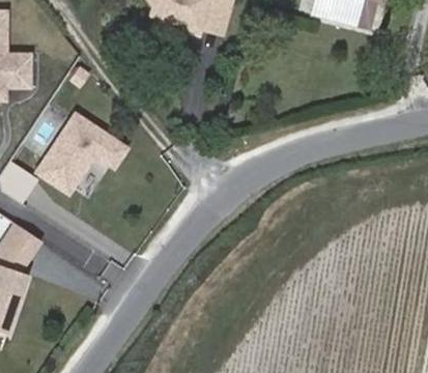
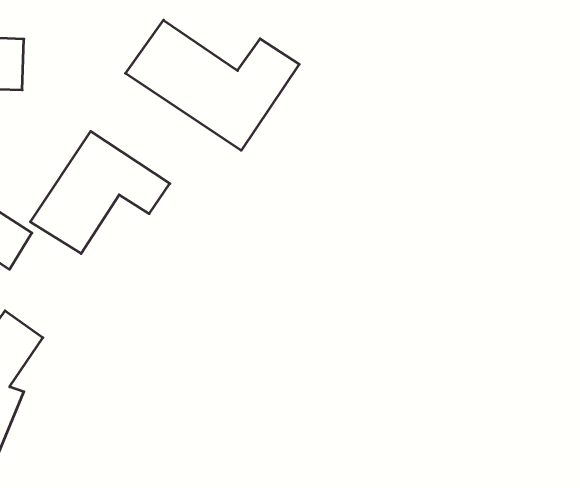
building: none -> [125,20,299,150]

